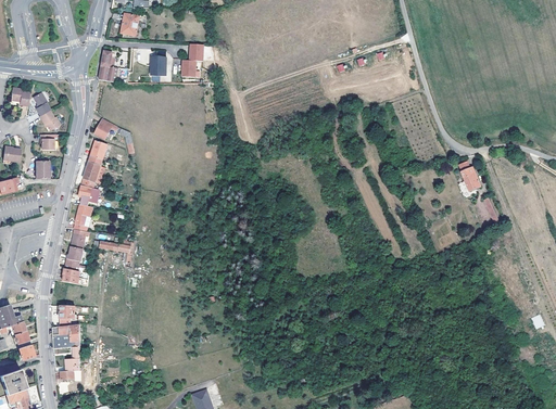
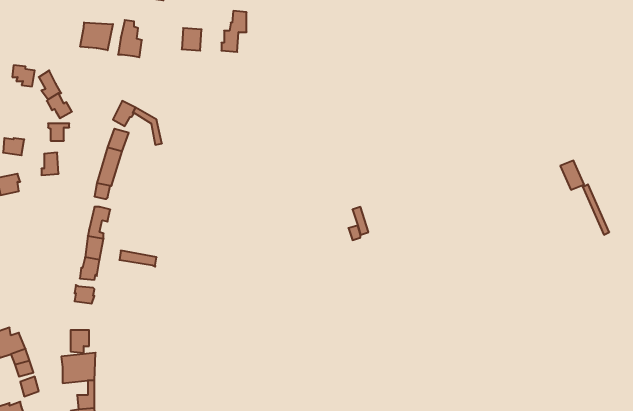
building: none -> [80,22,113,50]

